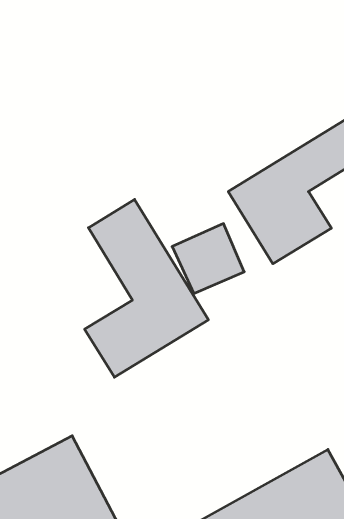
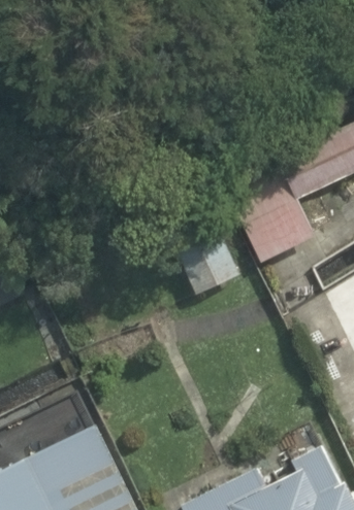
building: [85,199,208,377] -> none

